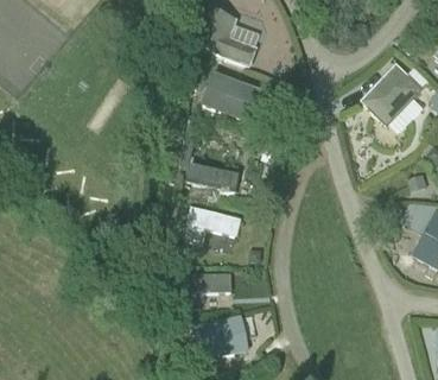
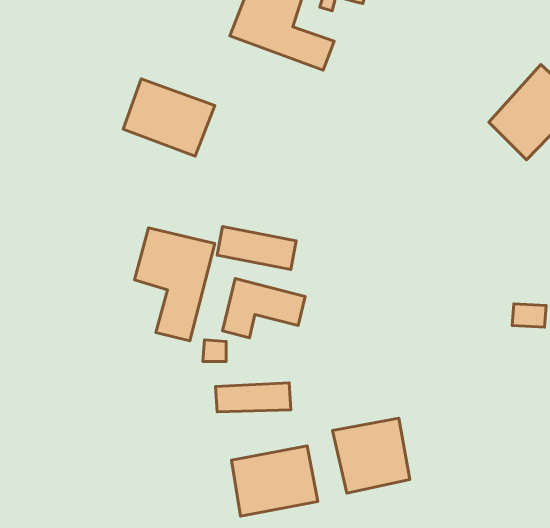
building: [203,71,264,122] -> [123,79,215,156]
building: none -> [135,228,215,341]
building: none -> [332,418,410,493]

